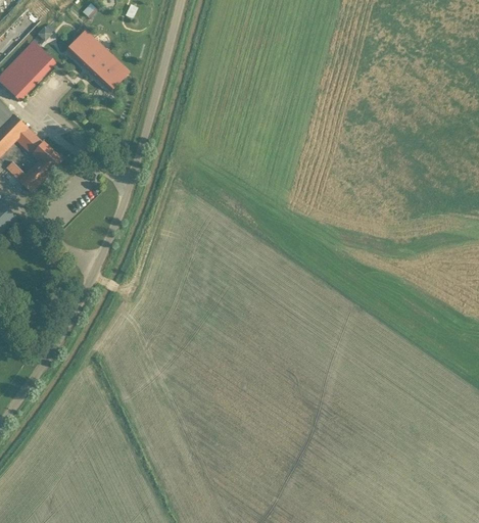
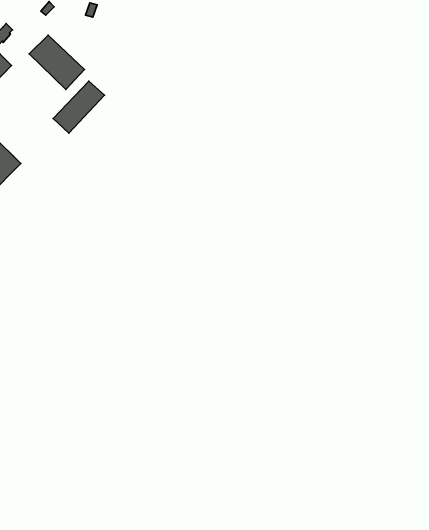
building: none -> [53,81,104,133]

